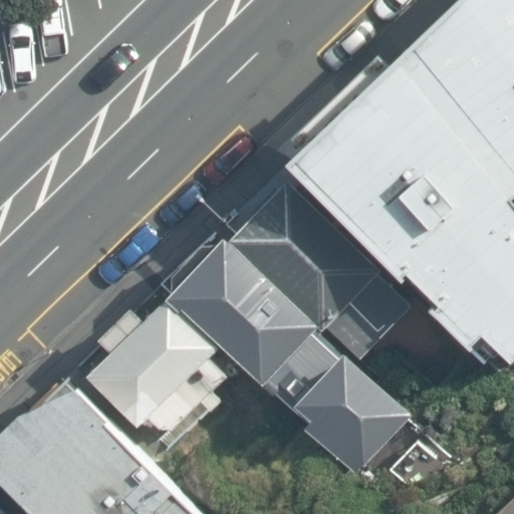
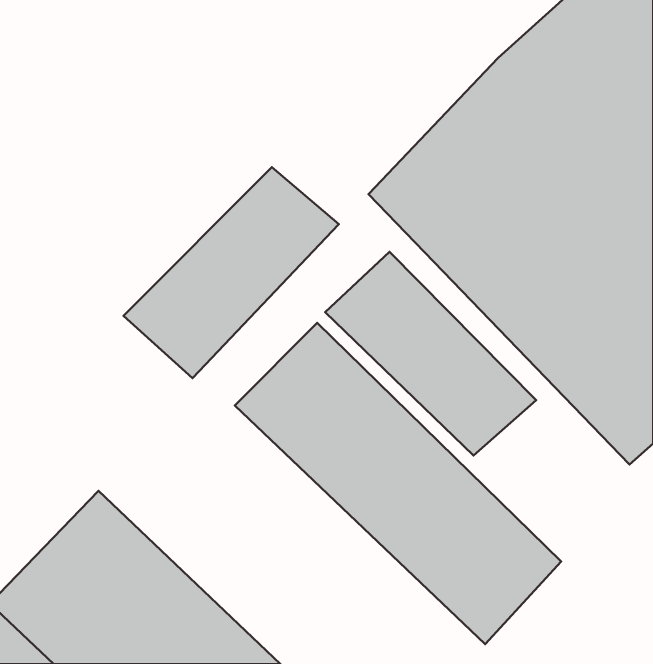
building: none -> [124,167,339,378]
building: [101,310,253,462] -> none

